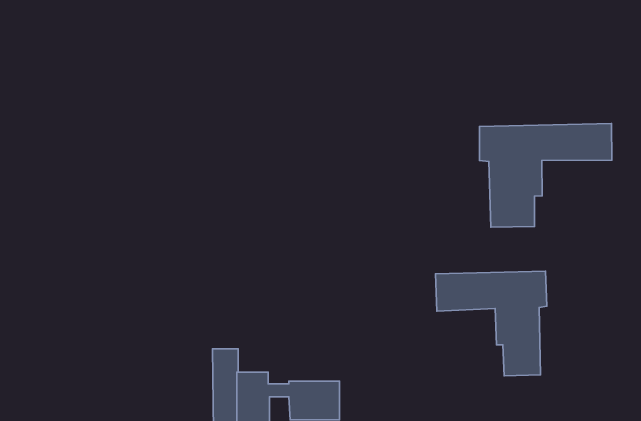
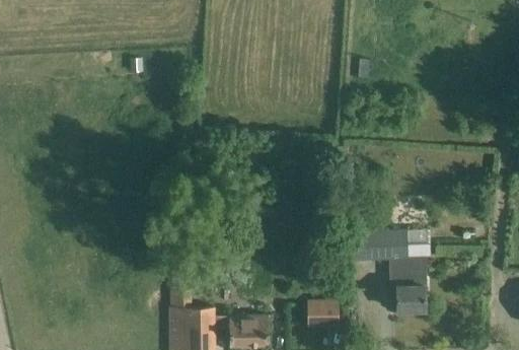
building: [479,123,612,227] -> none
building: none -> [307,300,339,328]

